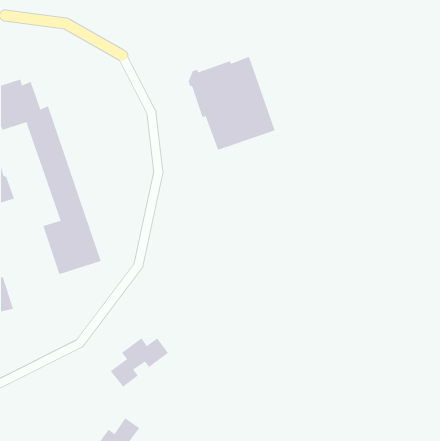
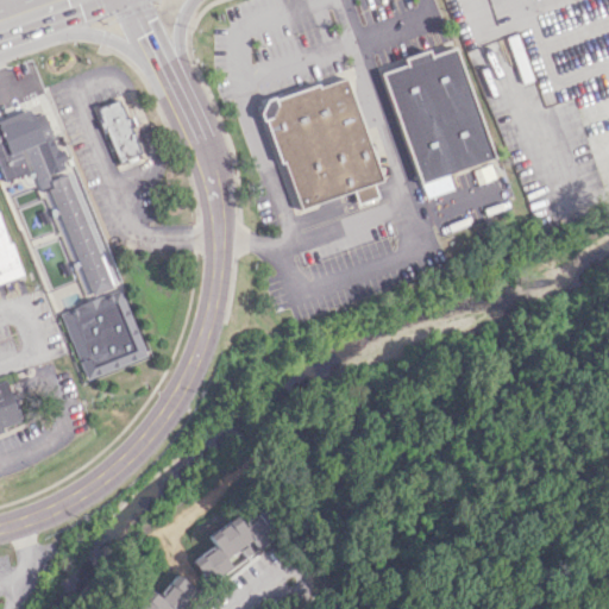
building: none -> [384,48,491,200]
building: none -> [99,99,143,165]
building: [110,337,169,388] -> [192,515,272,584]

